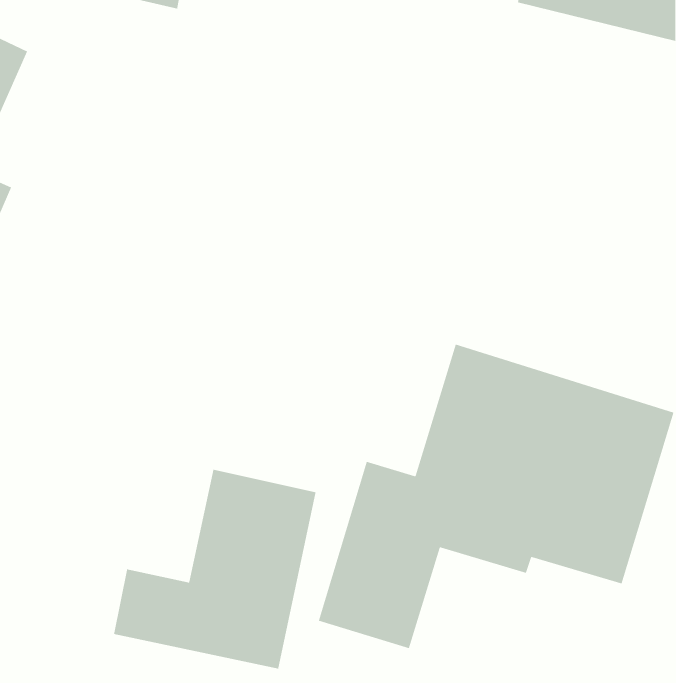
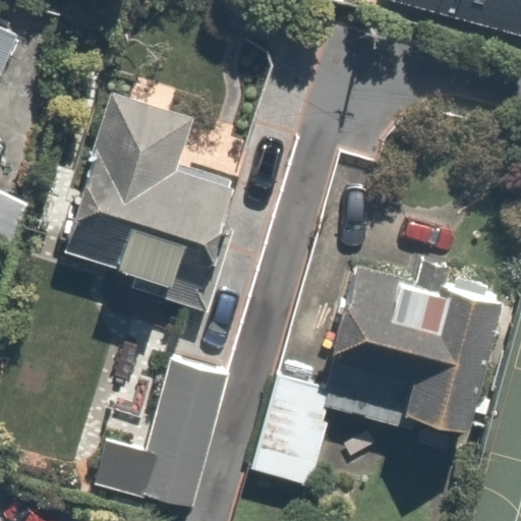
building: none -> [65,100,235,300]

